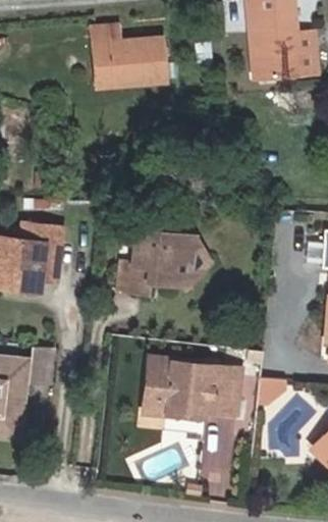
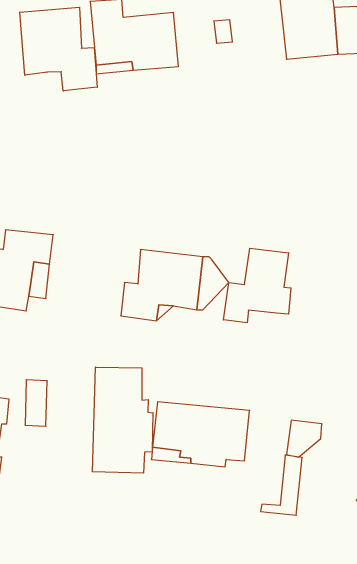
building: none -> [20,7,97,91]
building: none -> [223,248,291,323]
building: none -> [92,367,153,473]
building: [204,369,238,419] -> [261,455,302,515]

